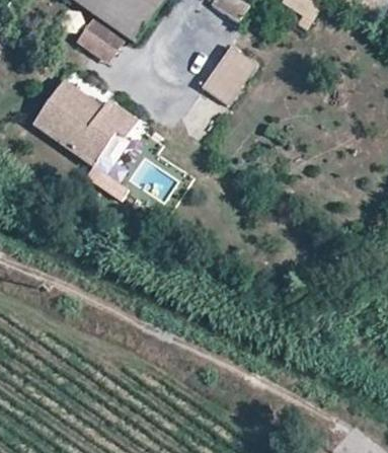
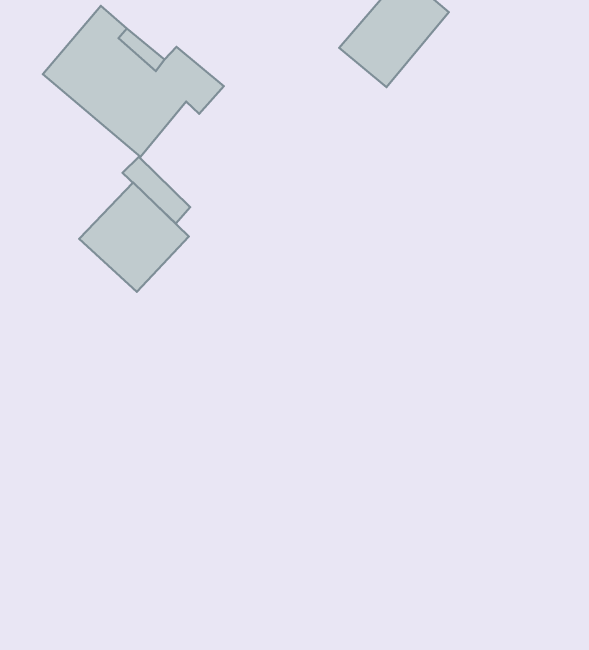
building: none -> [79,183,189,292]

